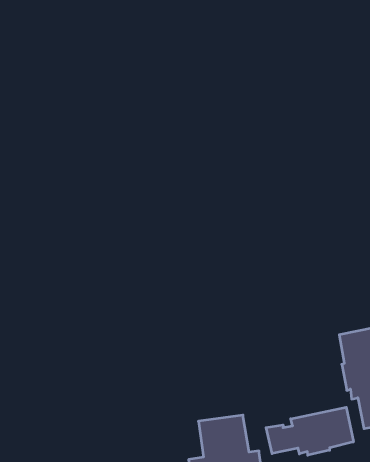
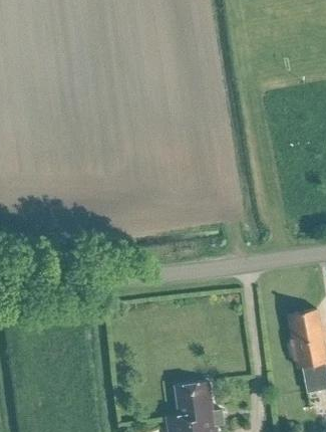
building: [266,407,353,455] -> none

